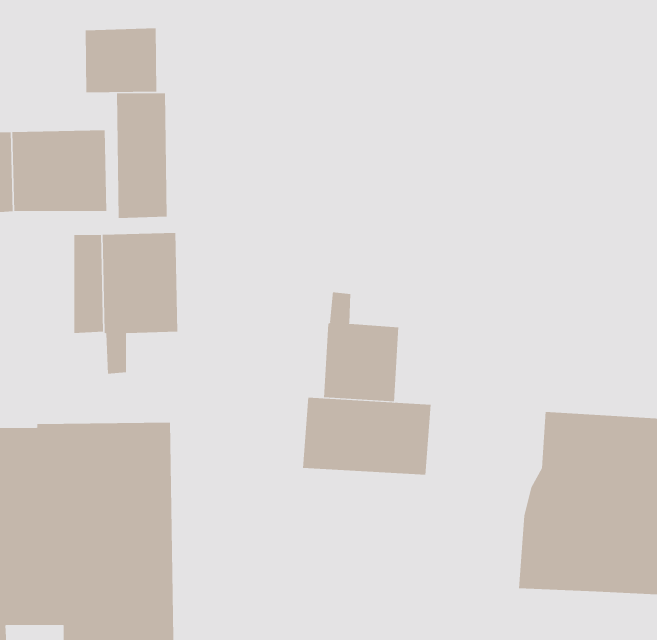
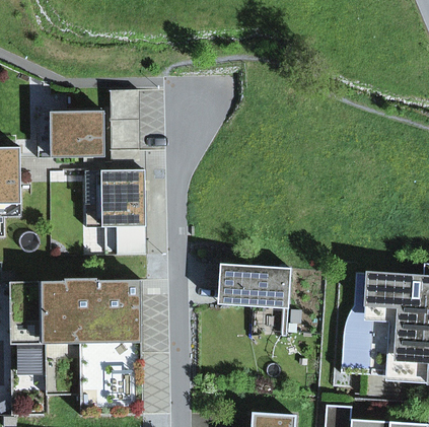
building: [85,27,157,93] -> none
building: [324,292,399,402] -> none
building: none -> [117,226,147,255]

